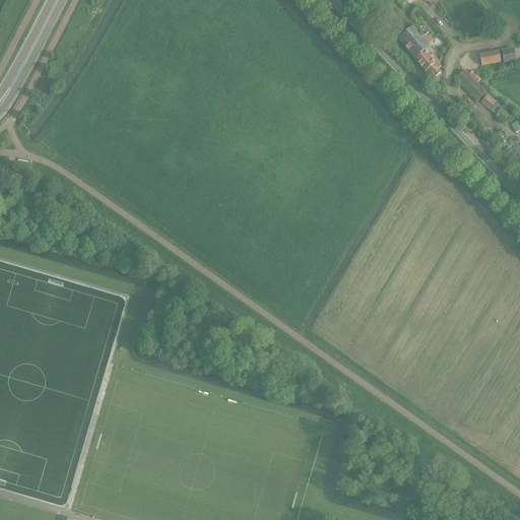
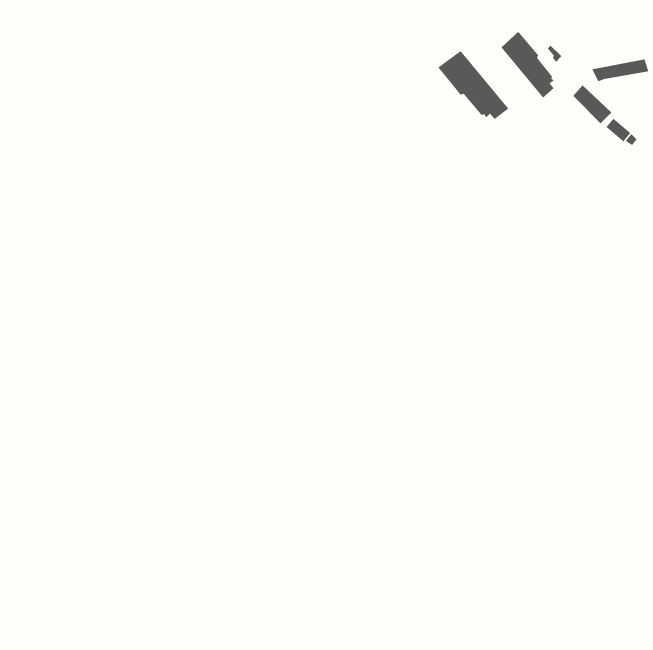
building: none -> [437,50,509,120]

